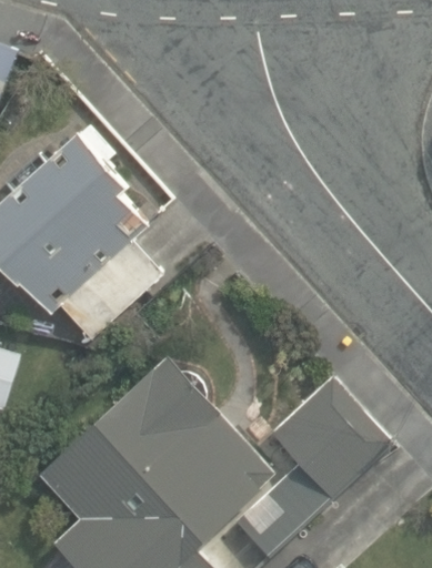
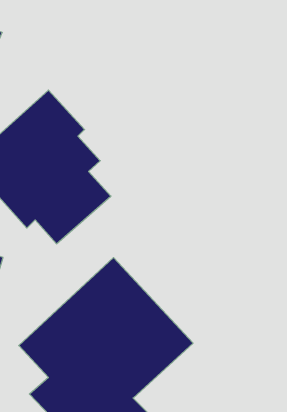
building: [233,376,392,559] -> none

